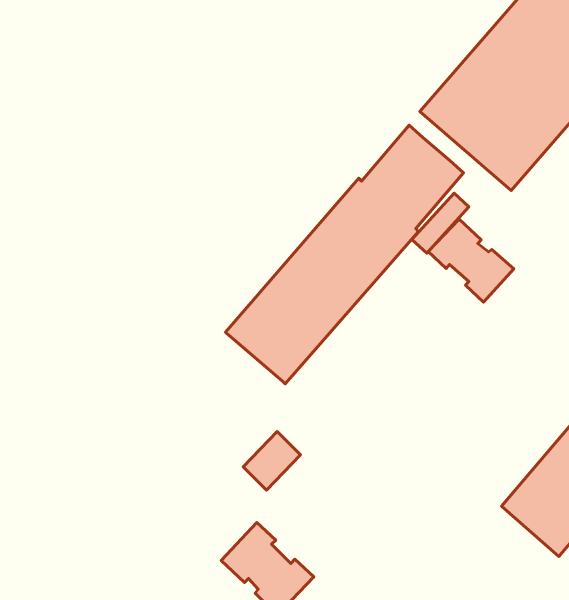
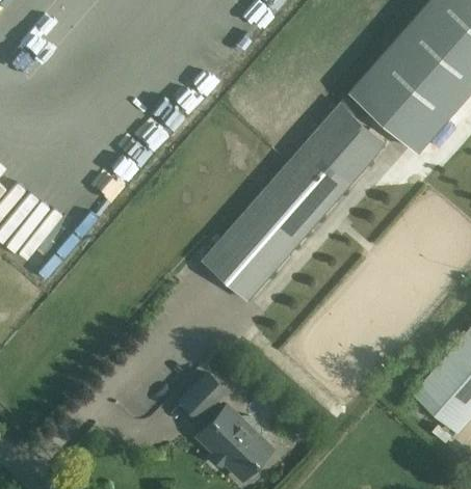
building: [428,219,514,302] -> none
building: [243,432,300,490] -> [180,374,224,418]

